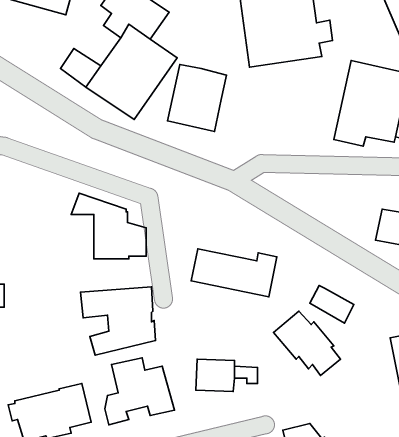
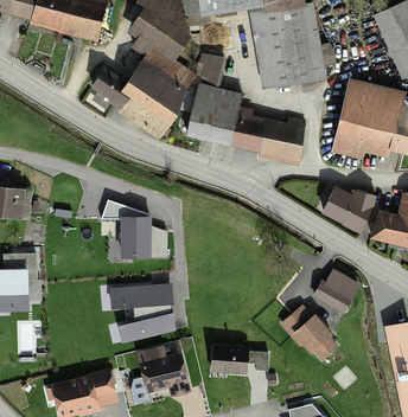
building: none -> [197,52,223,88]
building: none -> [321,187,375,232]
building: [191,249,277,297] -> [229,115,305,158]
building: none -> [326,267,362,299]

